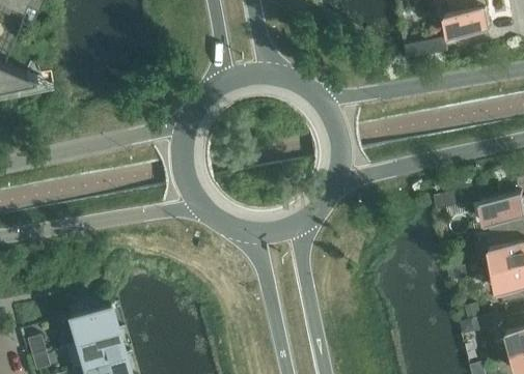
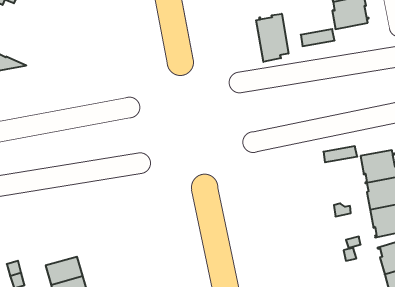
building: none -> [256,14,288,62]
building: [66,305,114,342] -> none

